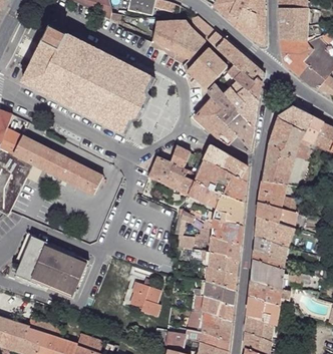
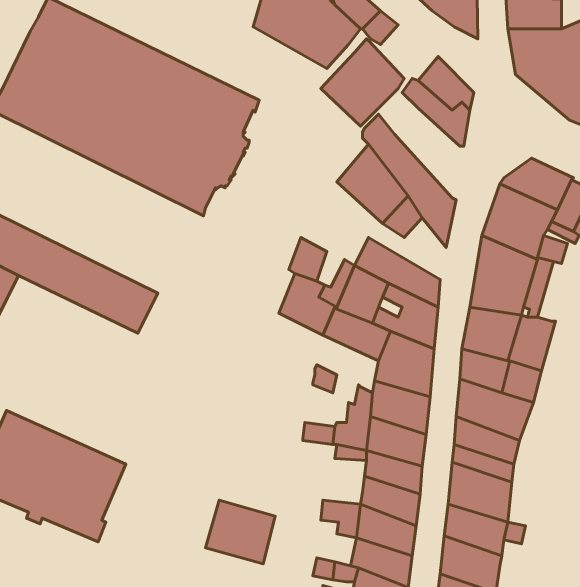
building: [216,38,245,66] -> none
building: [223,80,258,126] -> none
building: [148,156,173,184] -> none

